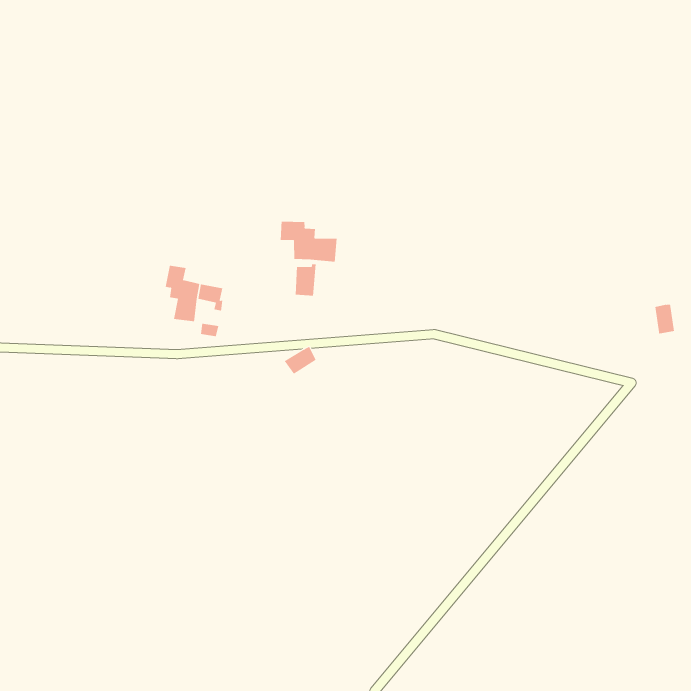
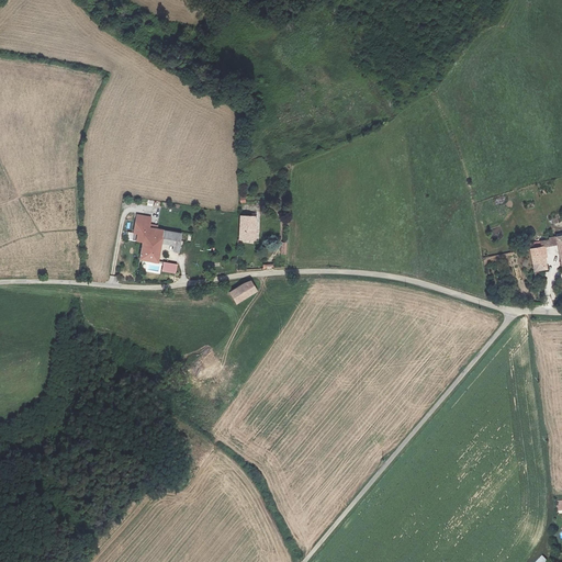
building: [280,221,337,262] -> none

